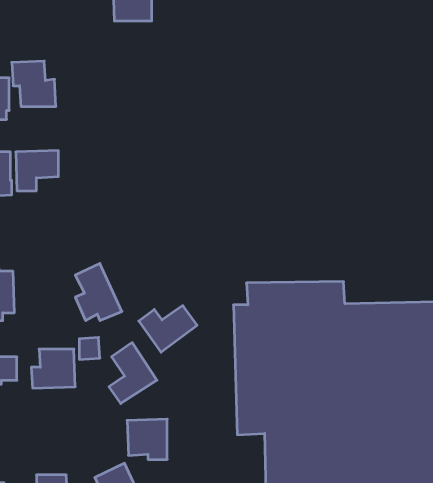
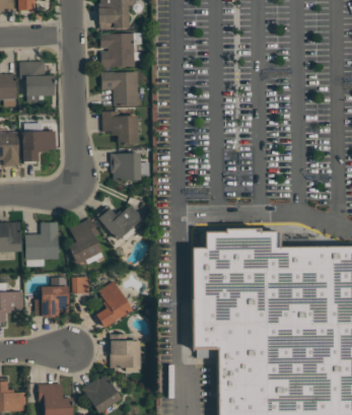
building: none -> [100,32,135,67]
building: none -> [101,71,139,106]
building: none -> [102,113,138,144]
building: none -> [112,152,149,181]
building: none -> [25,222,59,259]
building: [139,306,197,352] -> [98,204,144,240]

